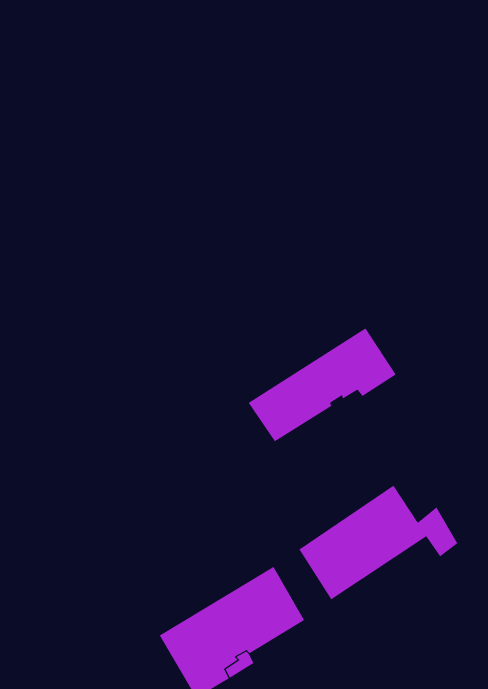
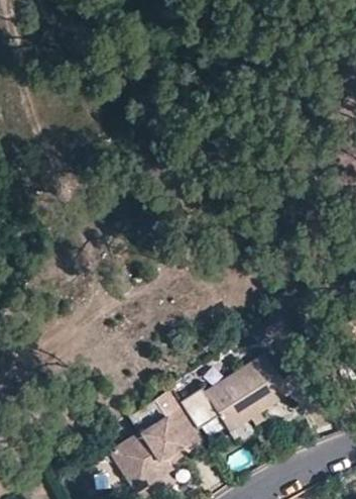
building: [248,328,397,442] -> none

